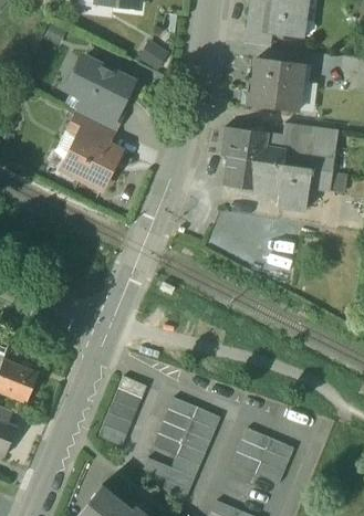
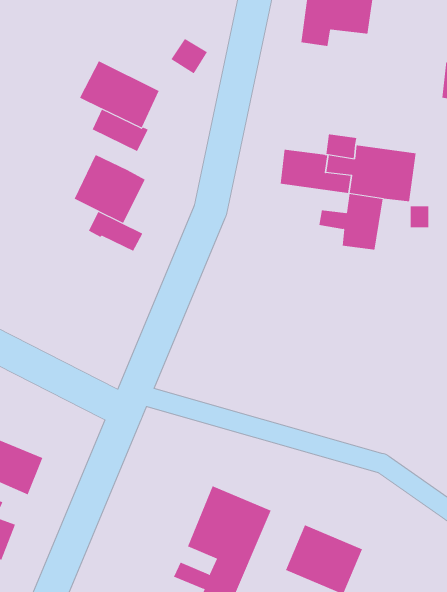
building: [247,59,303,112] -> none
building: [70,113,114,145] -> [88,211,143,251]
building: [223,156,283,189] -> none
building: [98,376,147,446] -> none

